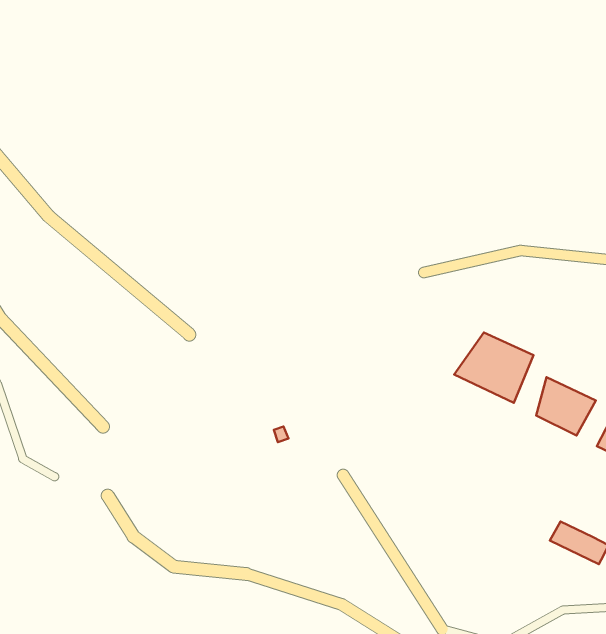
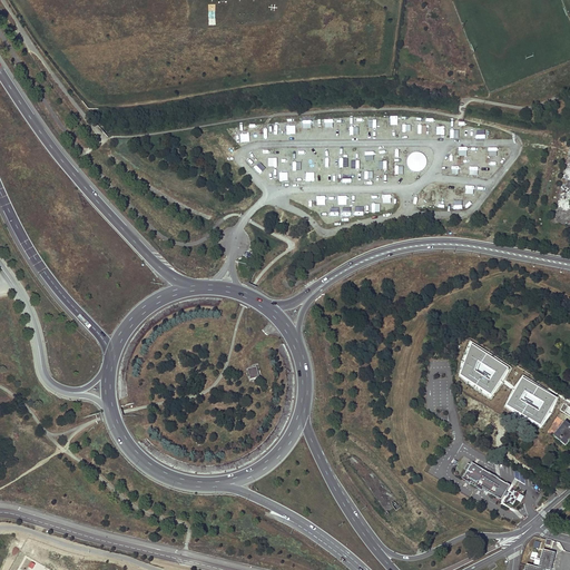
building: [454,332,533,403] -> none

